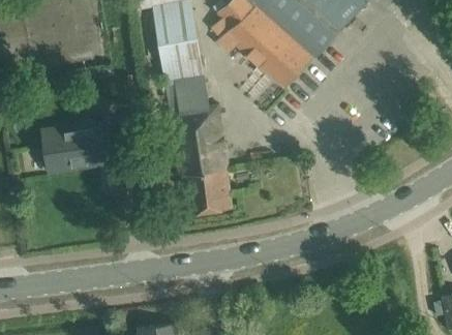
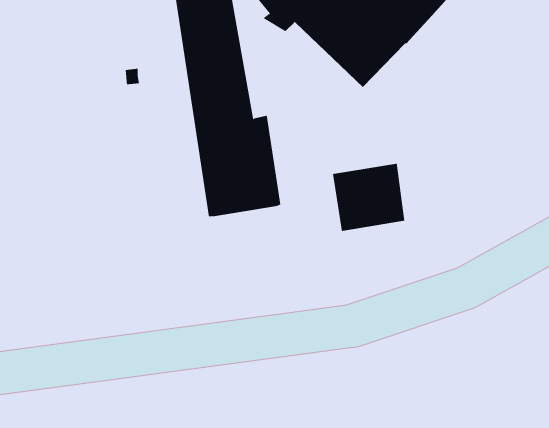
building: [42,121,113,172] -> none
building: [182,169,232,215] -> [332,163,405,231]

